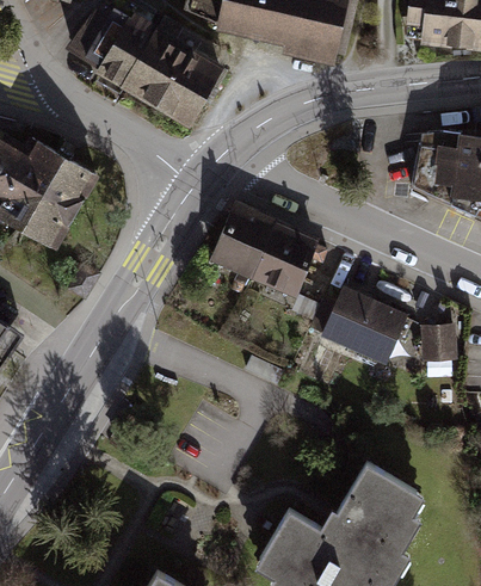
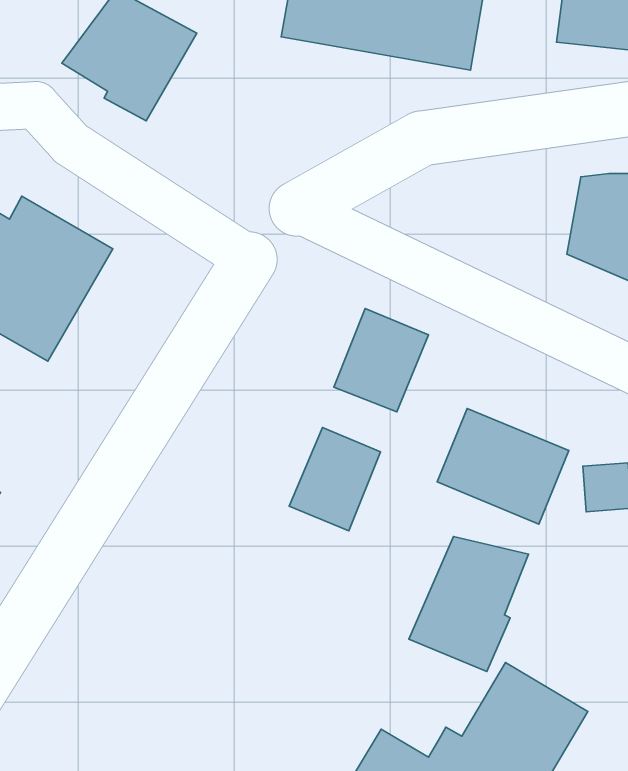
building: [123,31,226,130] -> none
building: [210,202,272,272] -> [289,427,380,531]
building: none -> [409,536,528,671]

